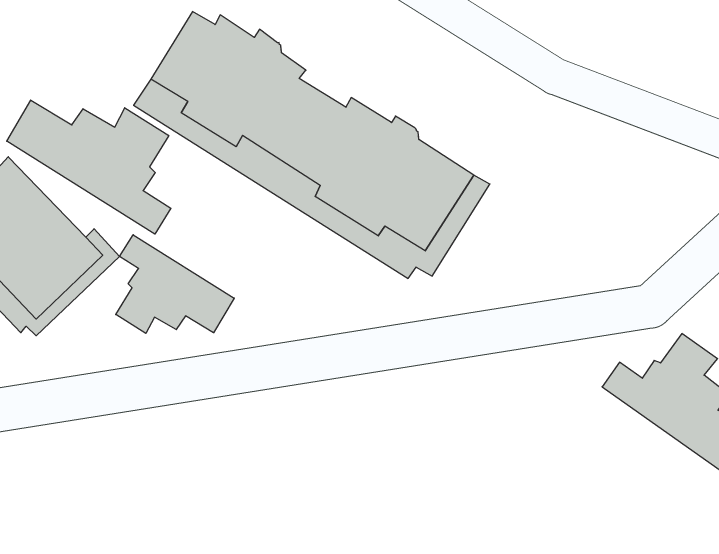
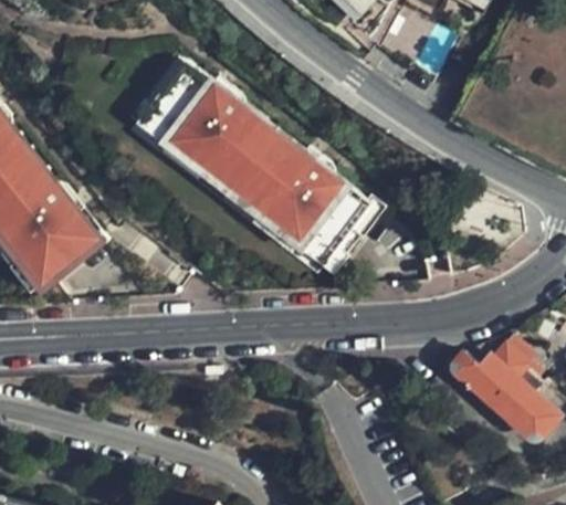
building: [7,100,171,234] -> none
building: [116,235,234,333] -> none

